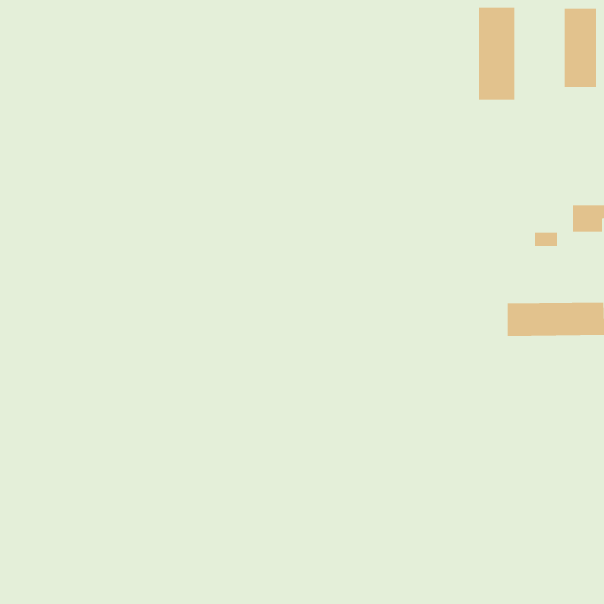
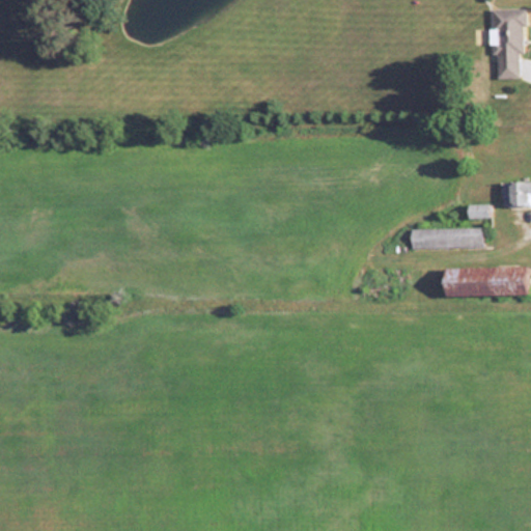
building: [478,7,515,101] -> none
building: none -> [412,228,484,248]

